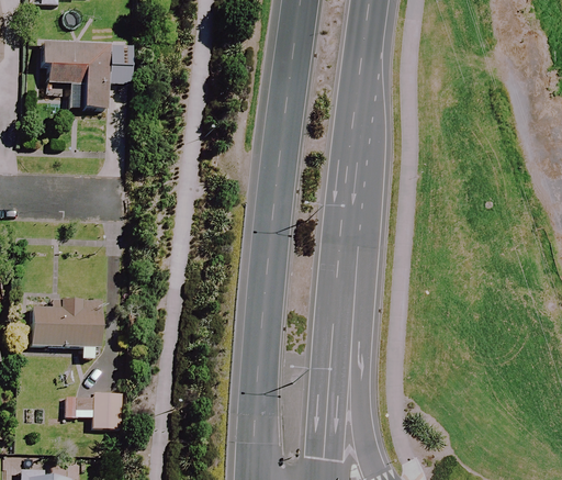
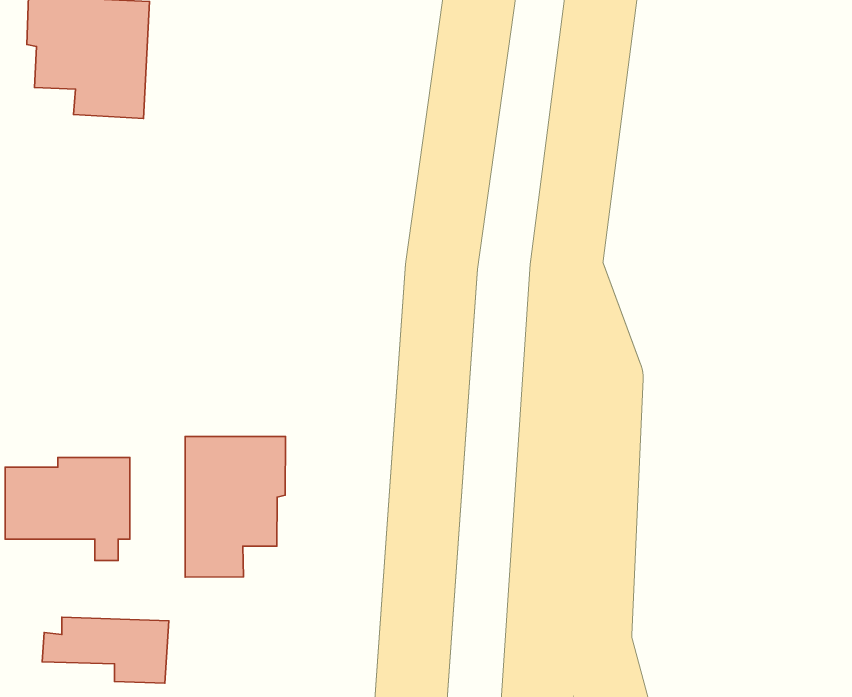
building: none -> [185,436,286,577]

